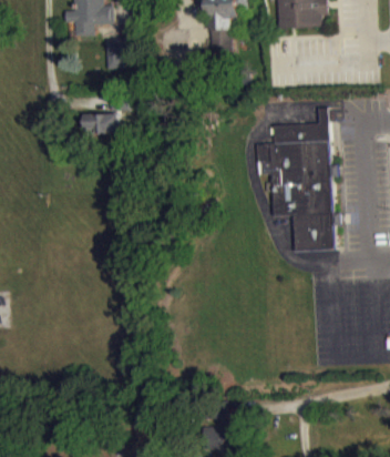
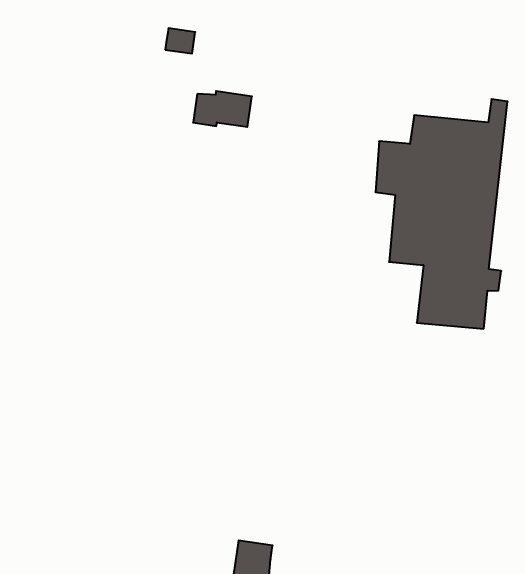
building: [85,113,119,134] -> [193,91,252,127]

